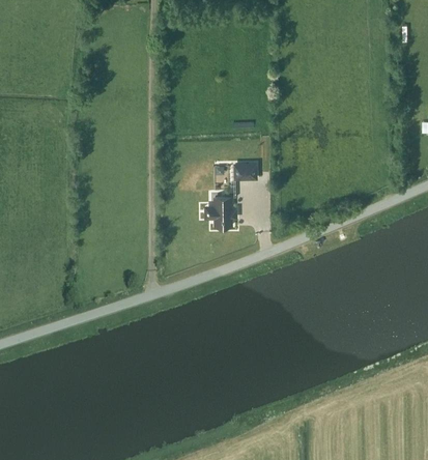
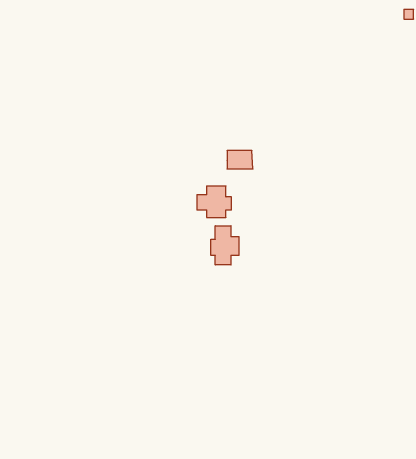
building: none -> [211,226,239,265]

